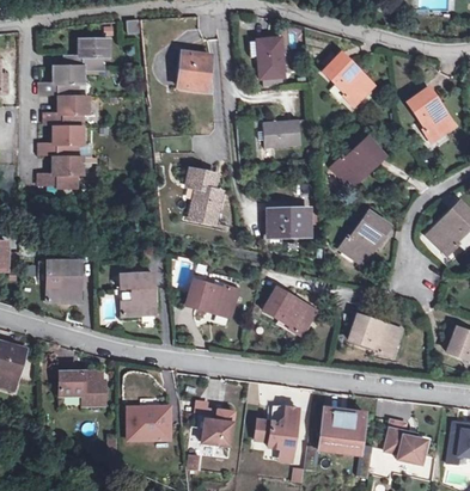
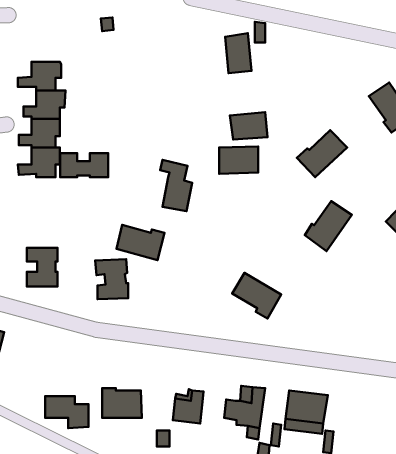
building: [66,38,110,68] -> none
building: [179,51,213,90] -> none
building: [324,53,374,104] -> none
building: none -> [60,153,108,177]
building: [269,208,310,237] -> [219,146,258,174]
building: [188,280,238,317] -> [117,225,164,260]
building: [352,314,401,356] -> none
building: [60,372,105,405] -> [45,396,89,428]
building: [380,419,421,462] -> none

